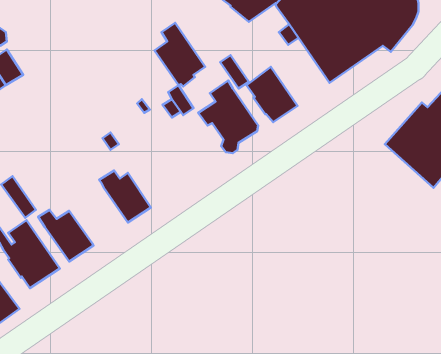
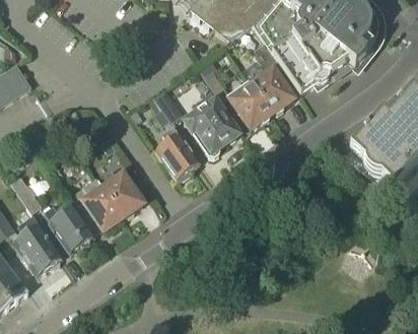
building: [154,23,205,86] -> [155,124,200,180]
building: none -> [249,63,294,114]
building: none -> [65,177,123,235]

